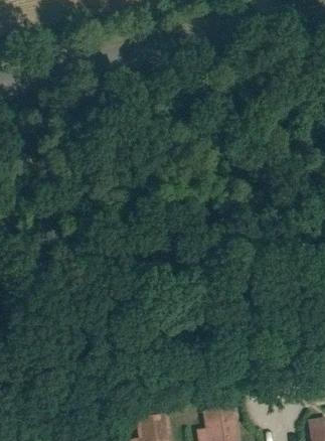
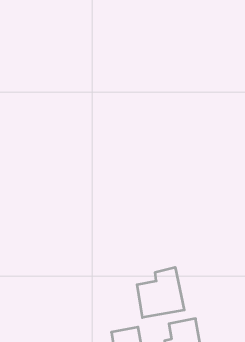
building: none -> [137,267,184,318]

